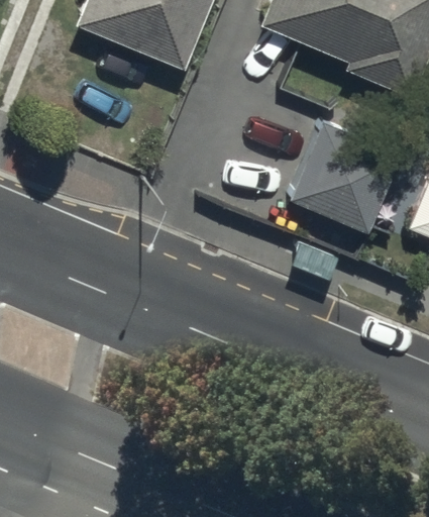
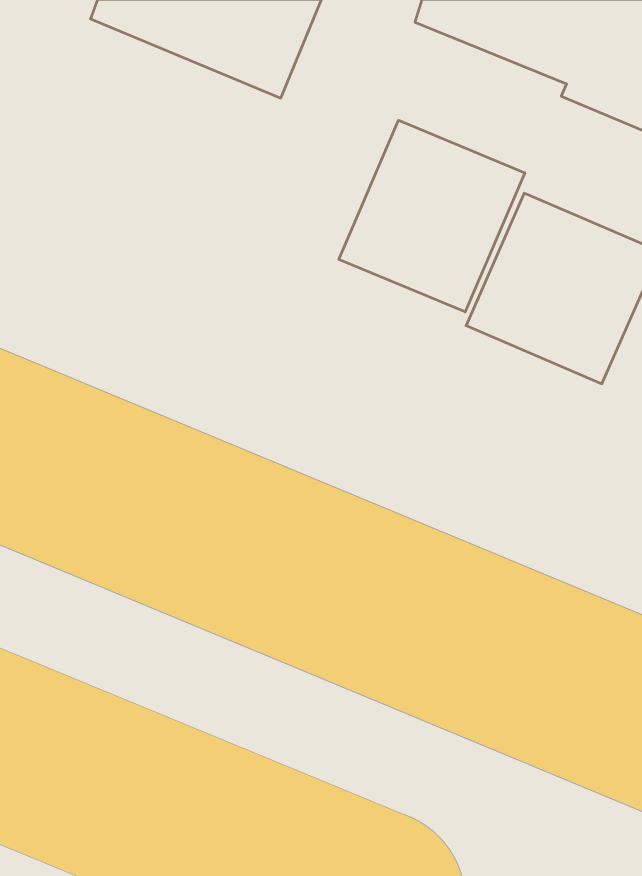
building: none -> [339,120,525,312]

